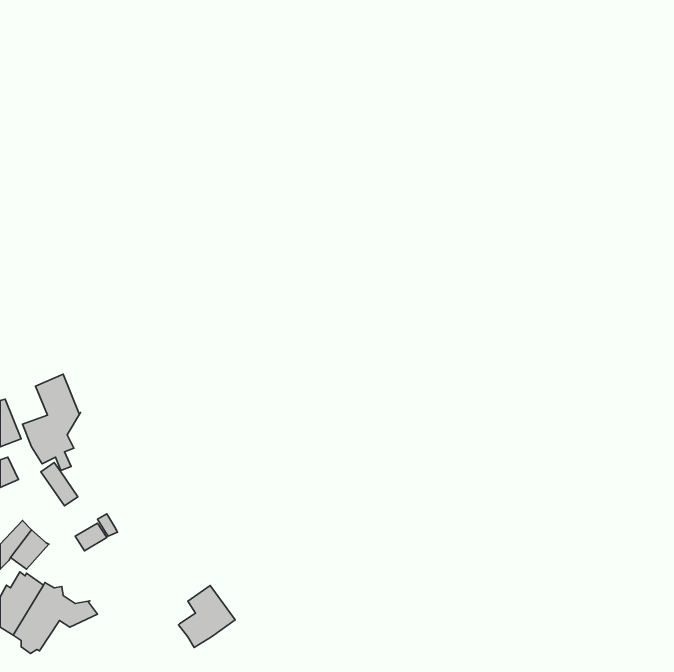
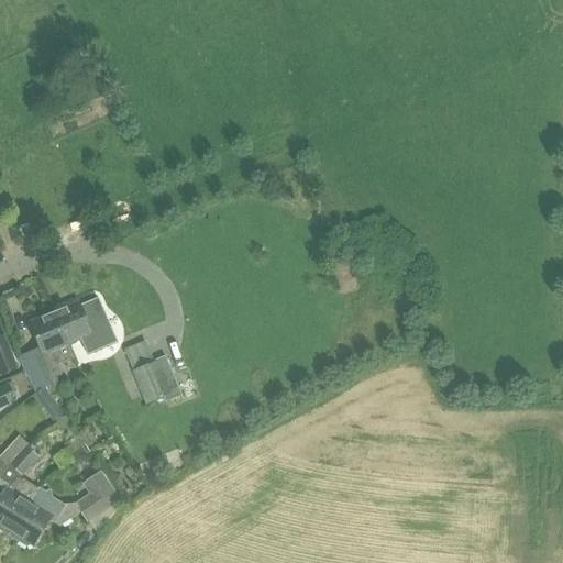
building: none -> [53,299,103,354]
building: none -> [132,360,172,404]
building: [178,585,235,647] -> [74,470,121,521]

